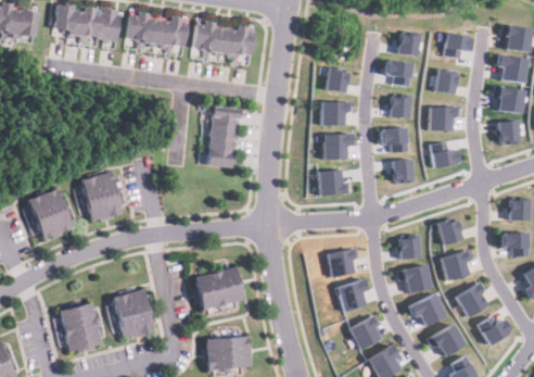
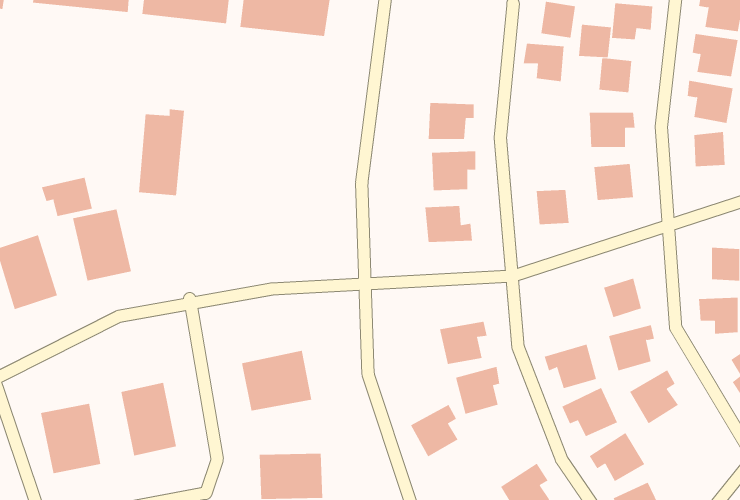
building: [325,67,347,92] -> none
building: [389,95,411,117] -> [578,24,612,58]
building: [205,109,237,167] -> [138,109,185,196]
building: [381,127,408,152] -> none
building: none -> [41,177,93,217]
building: [398,234,422,260] -> none
building: [478,313,510,344] -> none
building: [349,314,382,350] -> [410,404,458,457]

